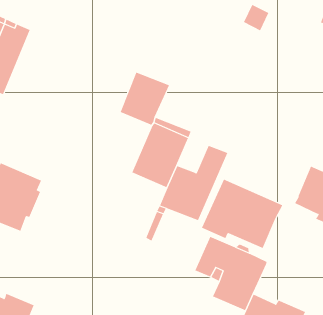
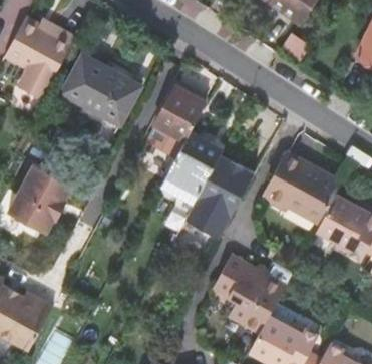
building: none -> [61,57,139,142]
building: [201,179,283,249] -> [261,151,343,224]

